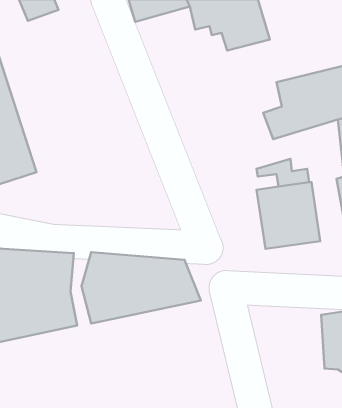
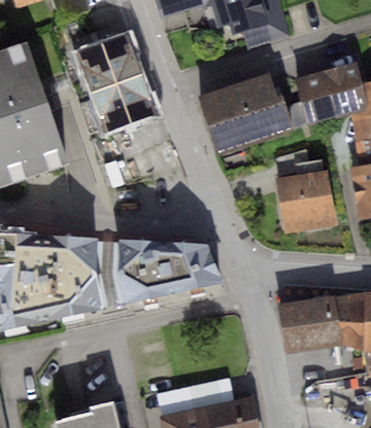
building: none -> [78,36,155,133]
building: none -> [199,74,291,156]
building: none -> [278,295,339,351]

